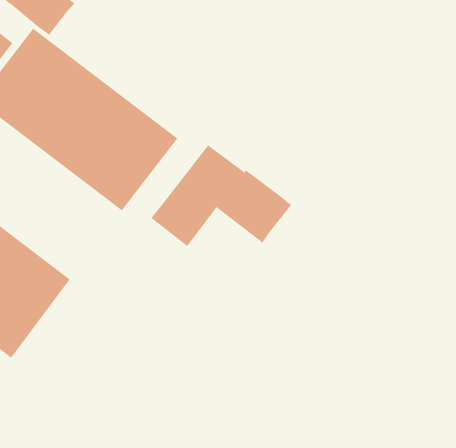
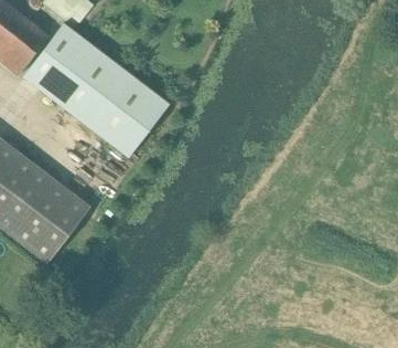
building: [150,145,292,247] -> none

